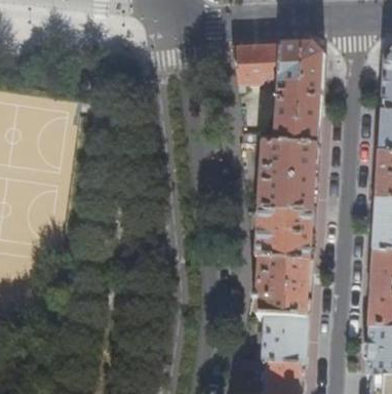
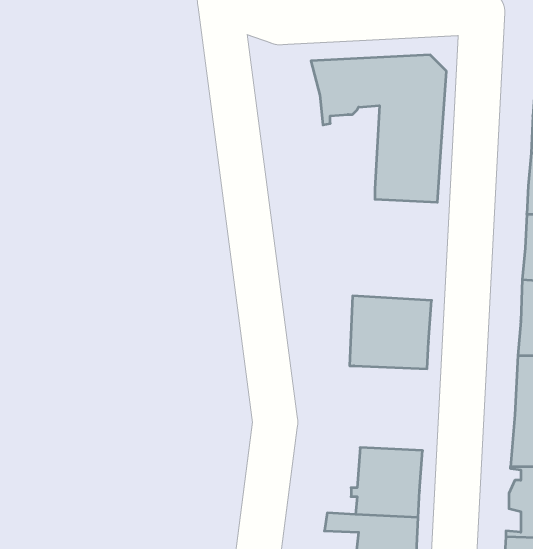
building: [259,141,317,211] -> none
building: [257,257,310,315] -> none

